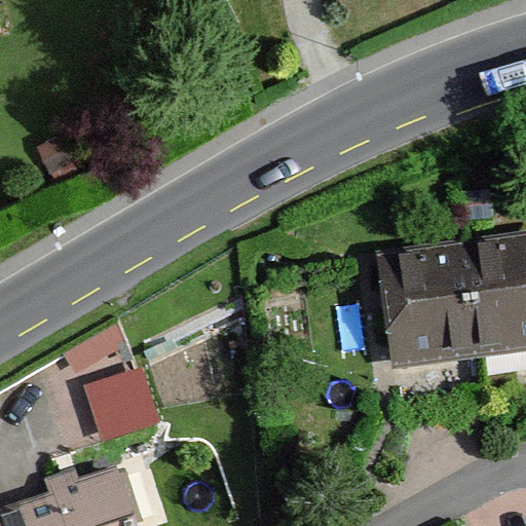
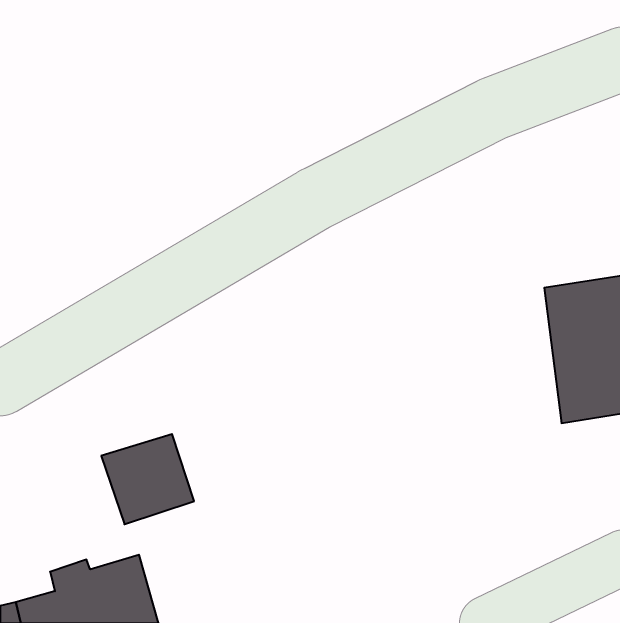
building: [377,242,476,367] -> none

